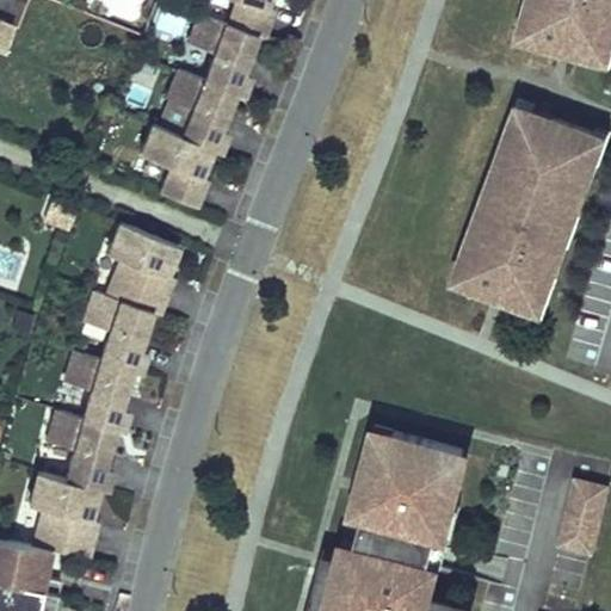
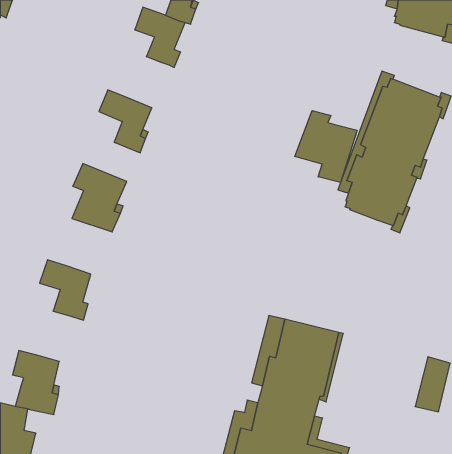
building: [167,73,234,153] -> none
building: none -> [295,111,357,182]
building: [82,294,150,374] -> none
building: [44,412,105,488] -> none

